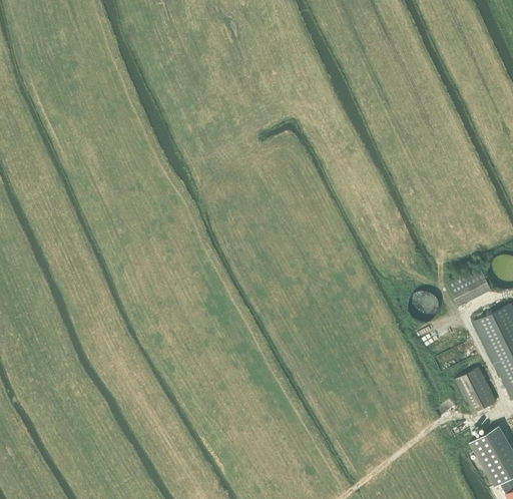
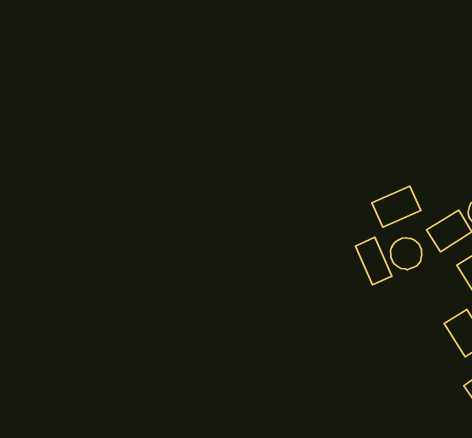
building: none -> [372,186,421,227]
building: none -> [355,237,392,285]

